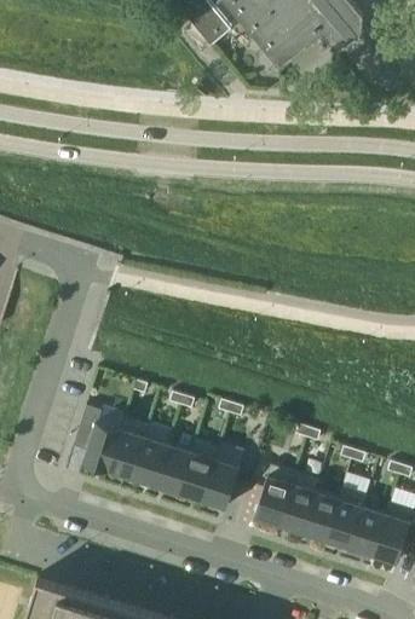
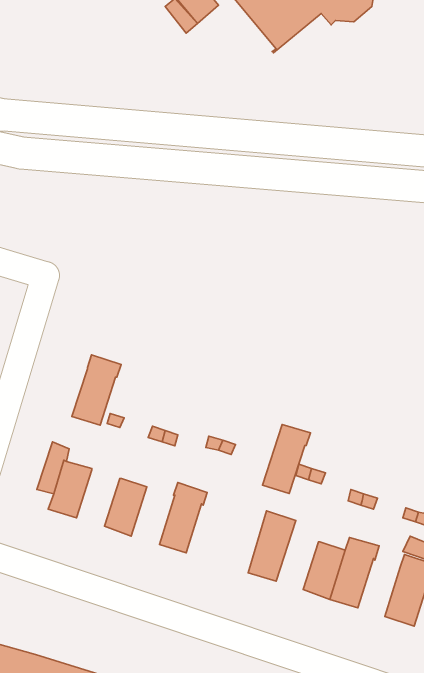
building: [108,417,150,478] -> [72,355,121,425]
building: [155,444,192,493] -> none
building: [202,458,241,509] -> none
building: [279,473,321,532] -> [263,425,310,494]
building: [350,505,386,555] -> none

